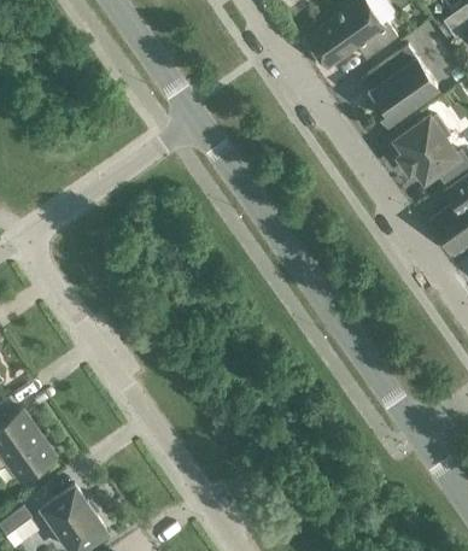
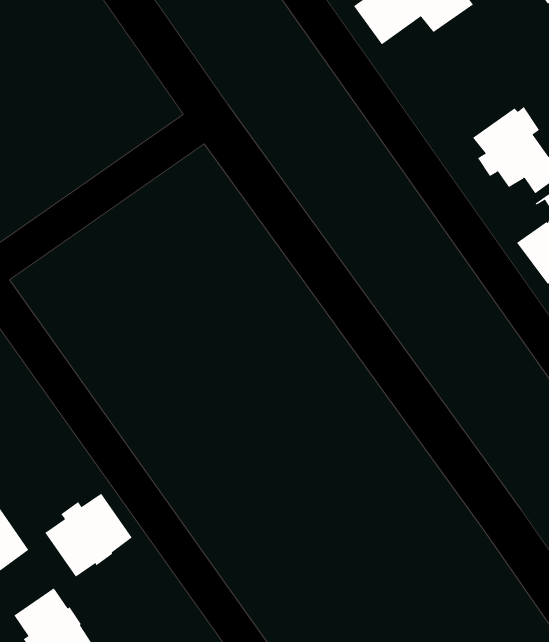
building: [367,47,438,123] -> none
building: none -> [45,493,132,578]

